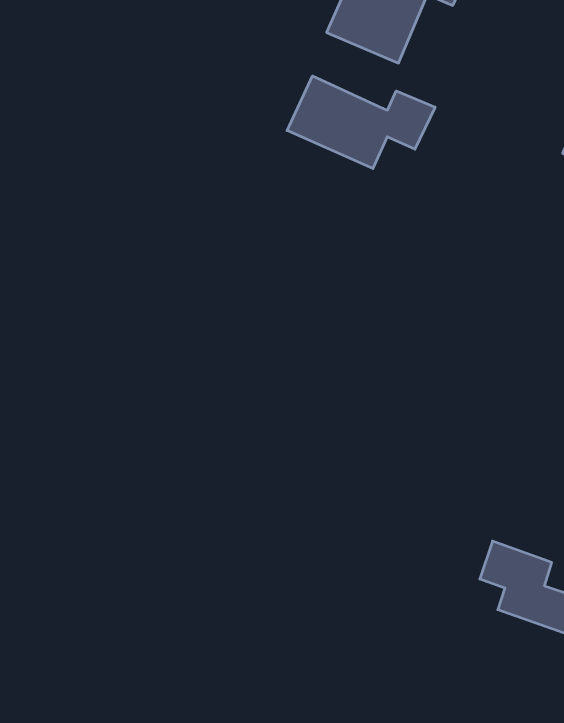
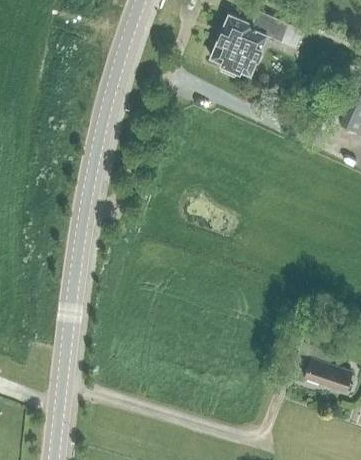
building: [287,76,435,169] -> none

